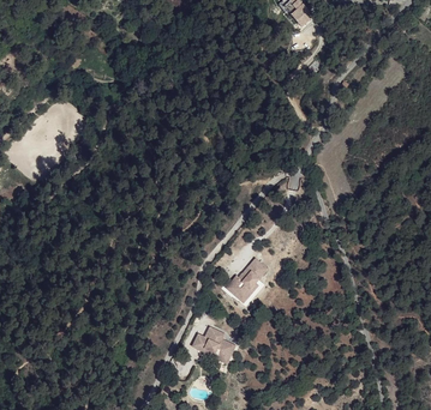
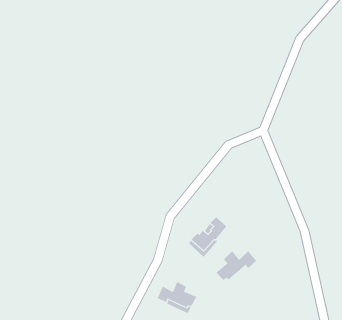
building: none -> [215,250,257,281]

